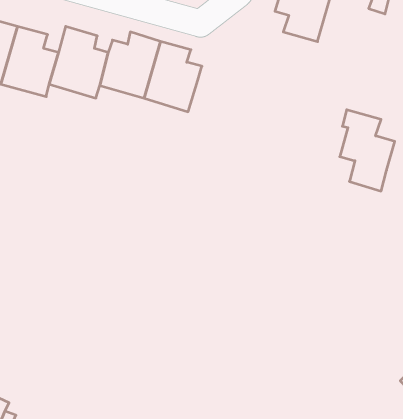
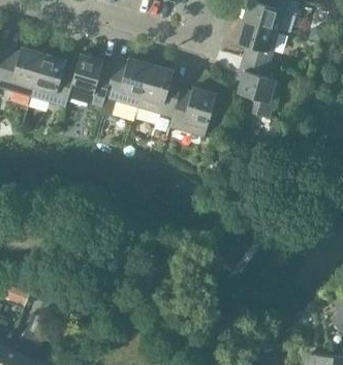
building: none -> [168,88,216,138]
building: [340,110,395,191] -> [237,58,278,119]

